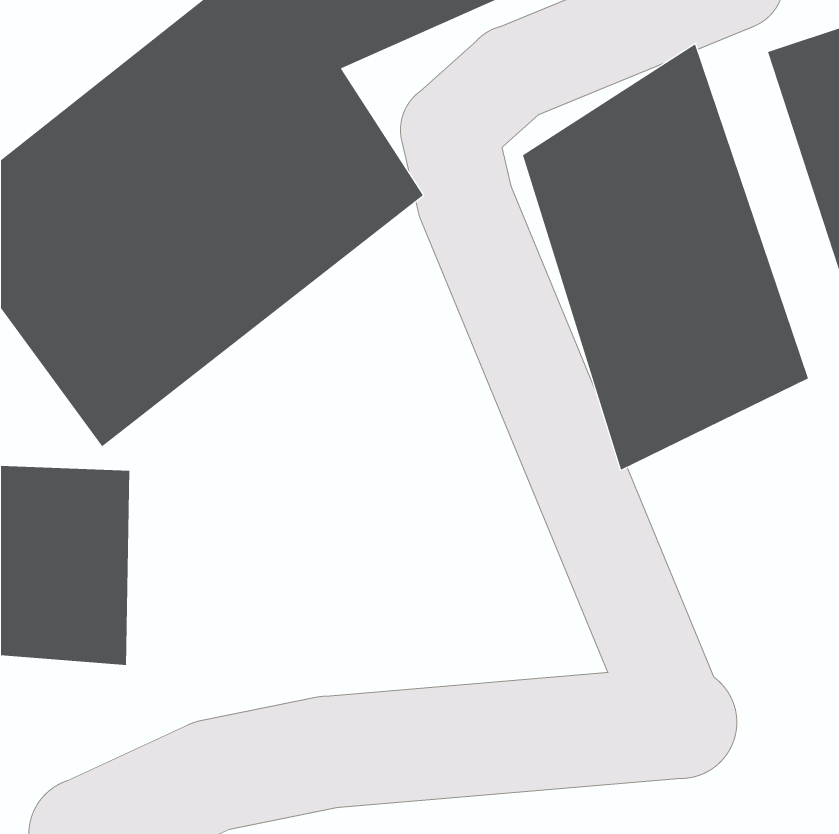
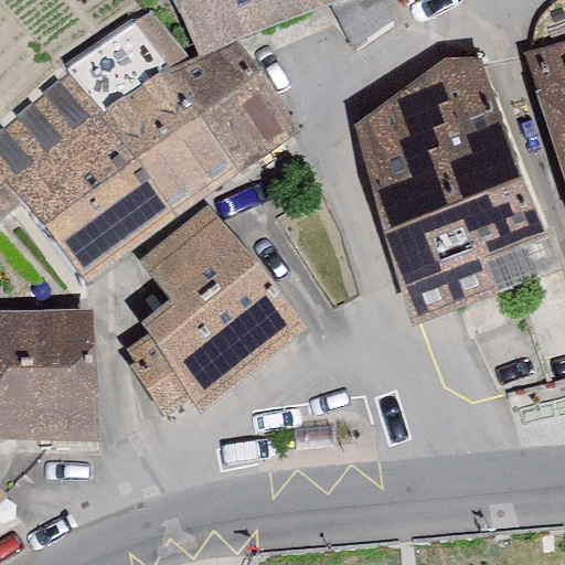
building: none -> [136,212,296,413]

